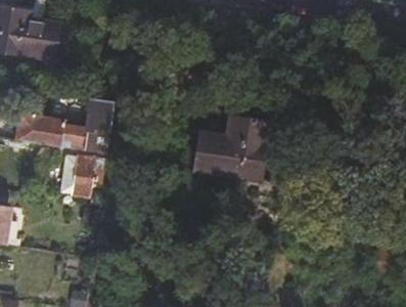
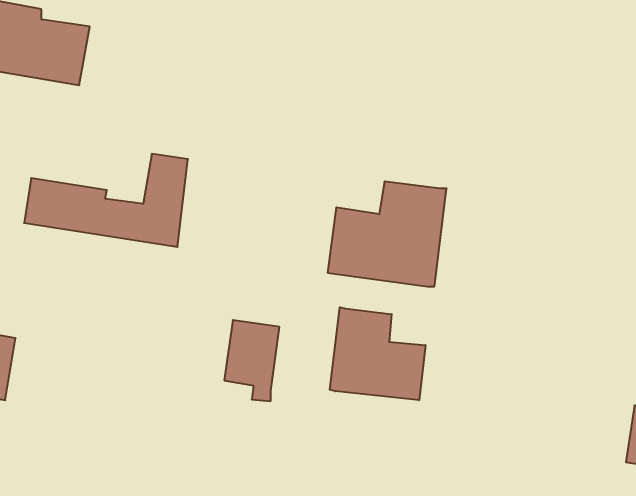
building: [74,156,106,204] -> [224,320,279,401]
building: none -> [330,307,425,400]

